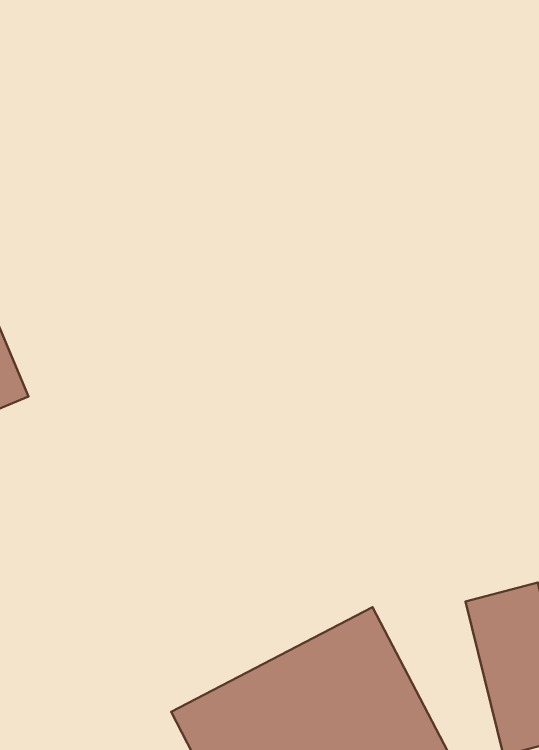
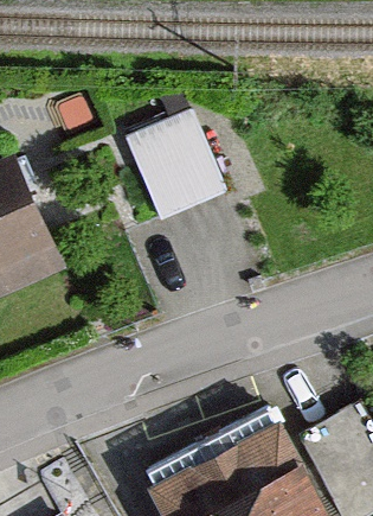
building: none -> [127,109,230,218]

